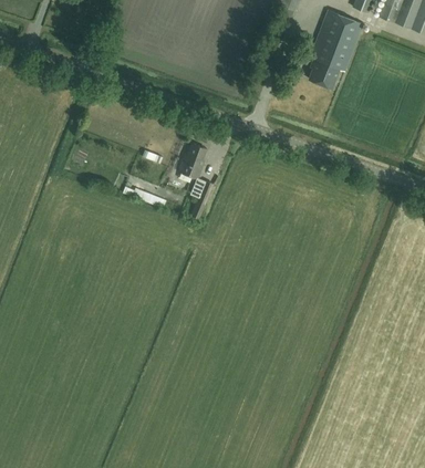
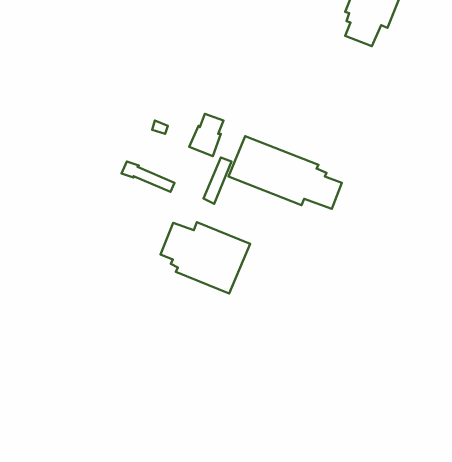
building: none -> [228,136,342,209]
building: none -> [161,222,250,294]

